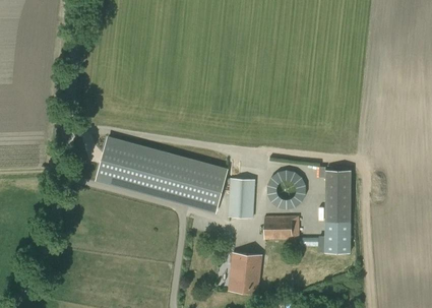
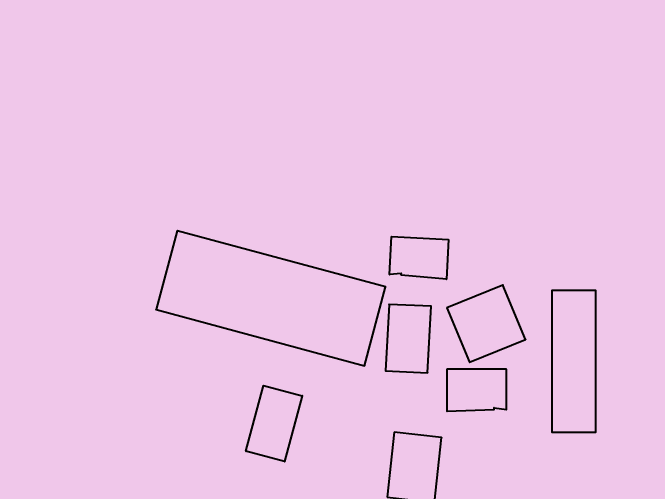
building: none -> [390,237,448,279]
building: none -> [246,386,302,462]

